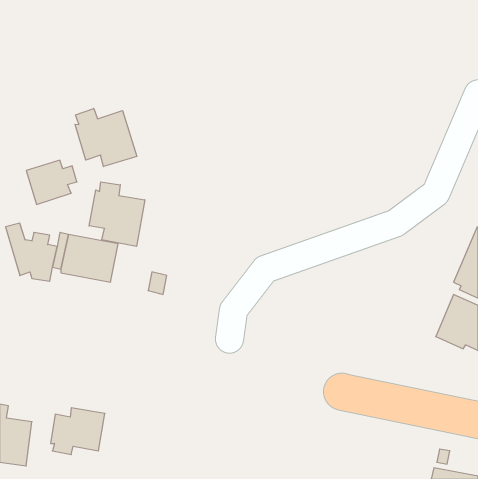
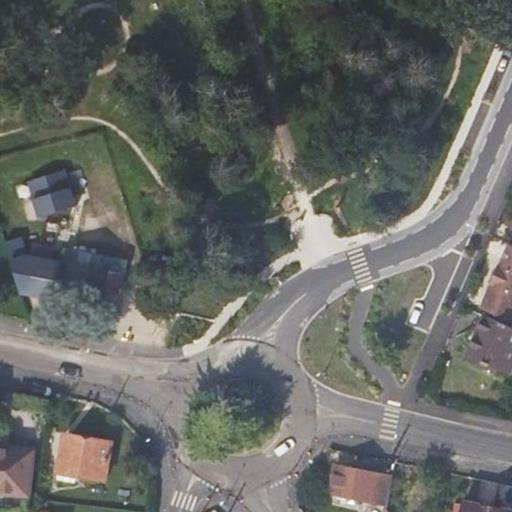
building: [75,108,137,167] -> none
building: [89,182,145,246] -> none
building: none -> [326,464,392,504]

